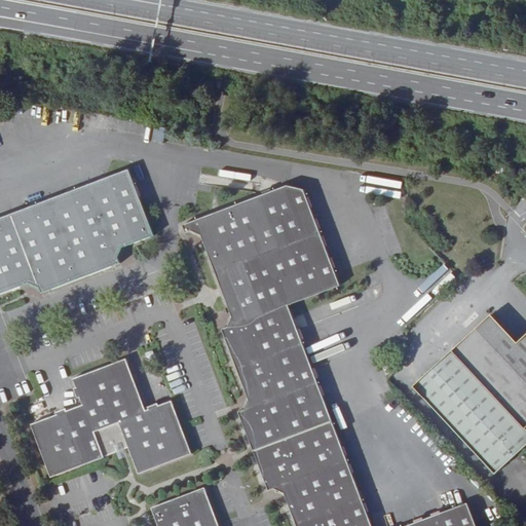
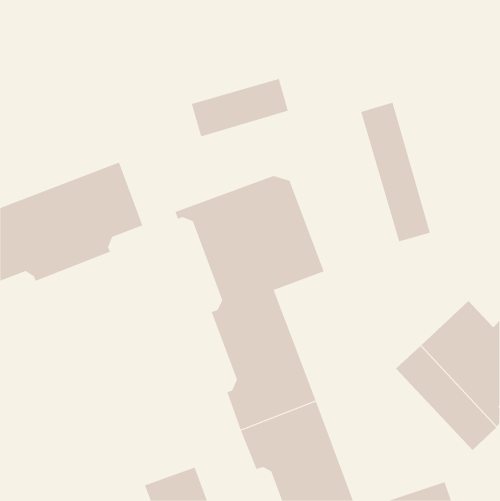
building: none -> [191,78,288,137]
building: none -> [360,102,431,242]
building: [30,360,192,478] -> none

